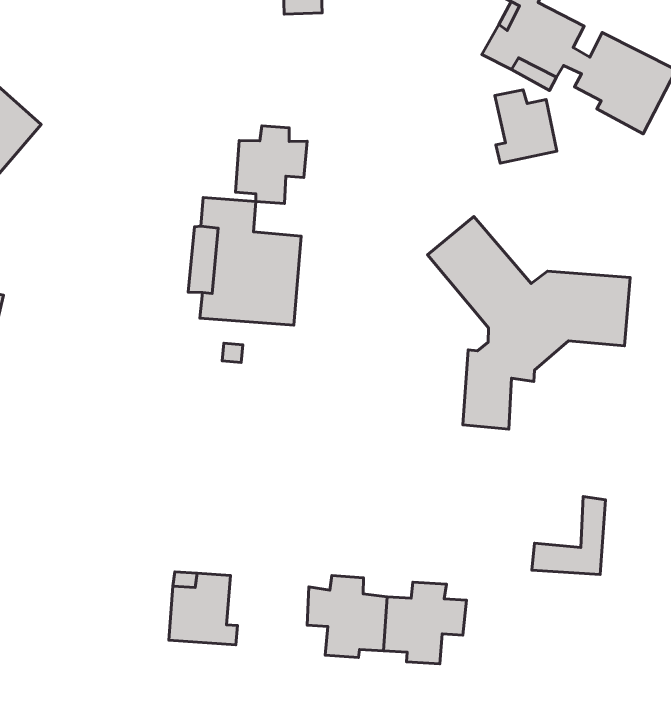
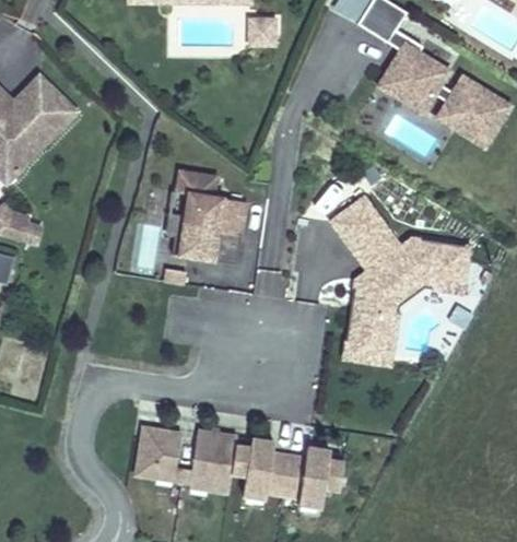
building: [495,90,557,163] -> none
building: [236,126,307,204] -> none
building: [532,497,606,574] -> [344,309,399,364]
building: none -> [179,427,234,488]

